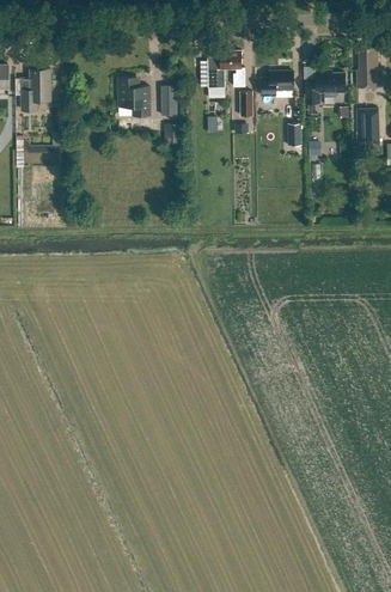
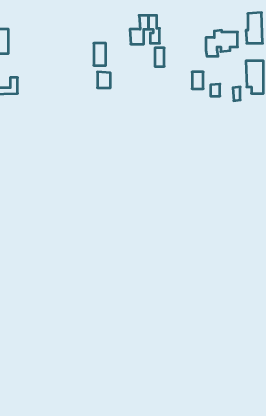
building: [261,72,293,96] -> none
building: [116,80,148,120] -> none

